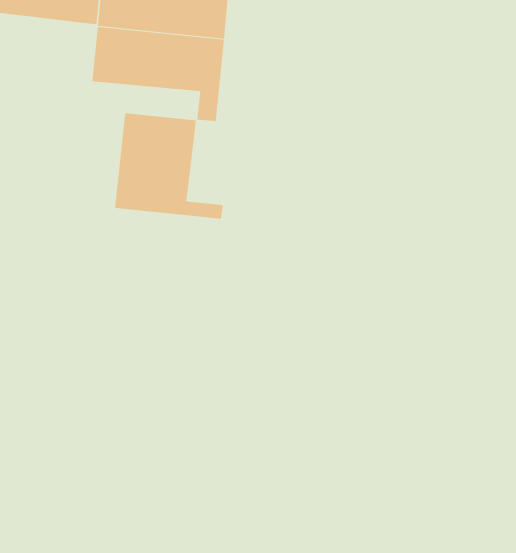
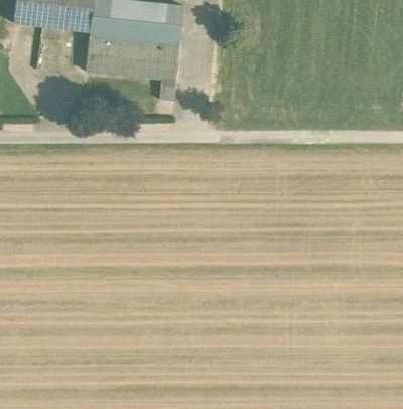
building: [115,113,224,219] -> none

